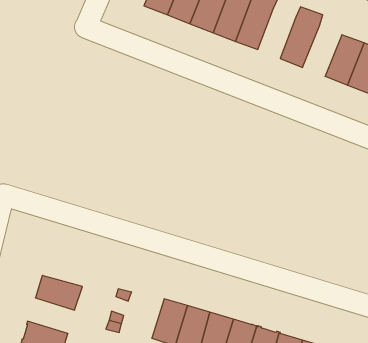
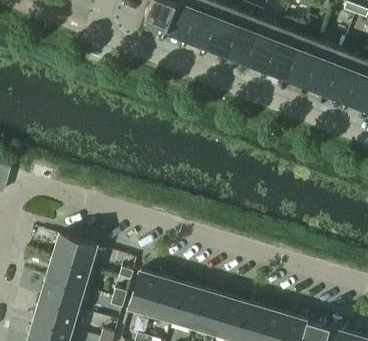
building: none -> [246,19,280,64]
building: none -> [286,35,321,80]
building: none -> [53,236,95,268]
building: none -> [130,272,162,314]
building: none -> [40,278,82,310]

